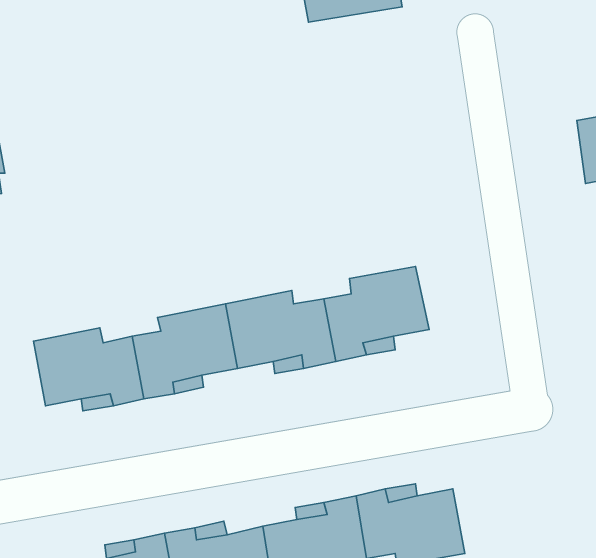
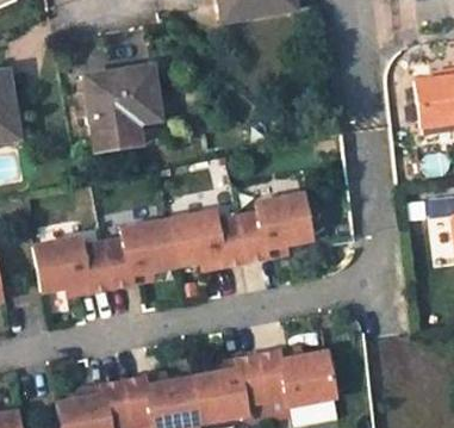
building: none -> [87,67,157,149]

